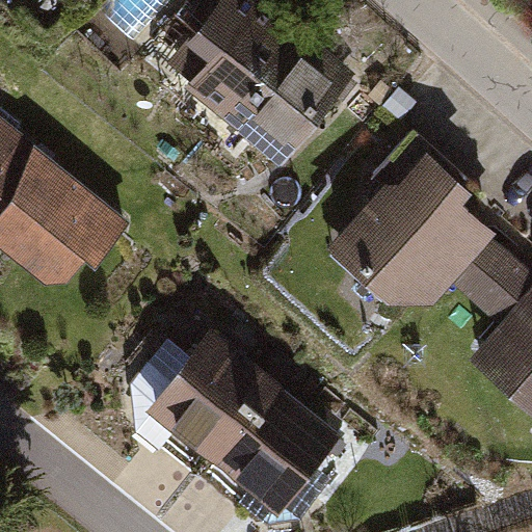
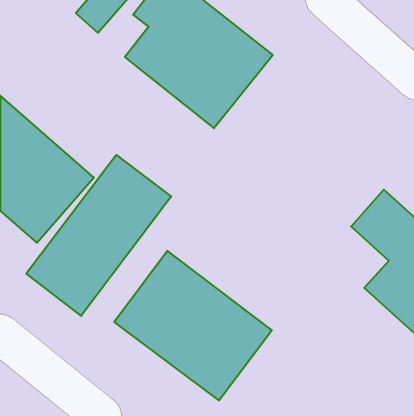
building: [321,135,493,335] -> none
building: none -> [26,155,171,316]

